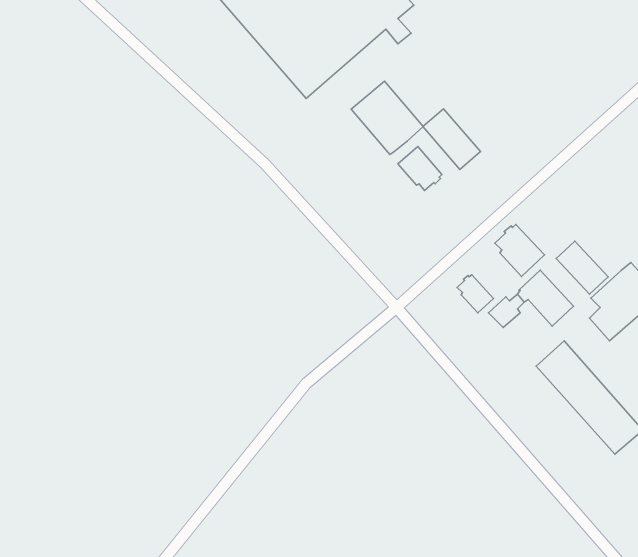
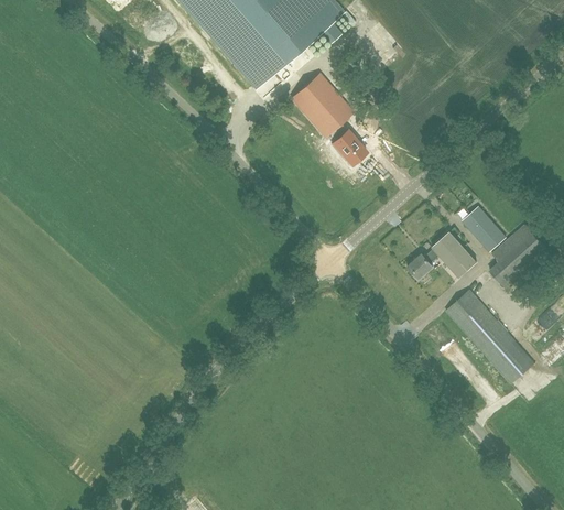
building: [423,109,481,169] -> none
building: [495,225,545,276] -> none
building: [457,275,494,313] -> none

